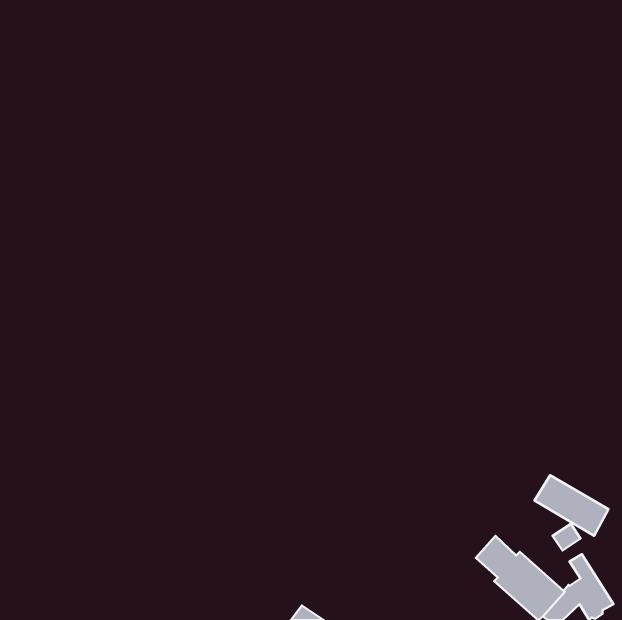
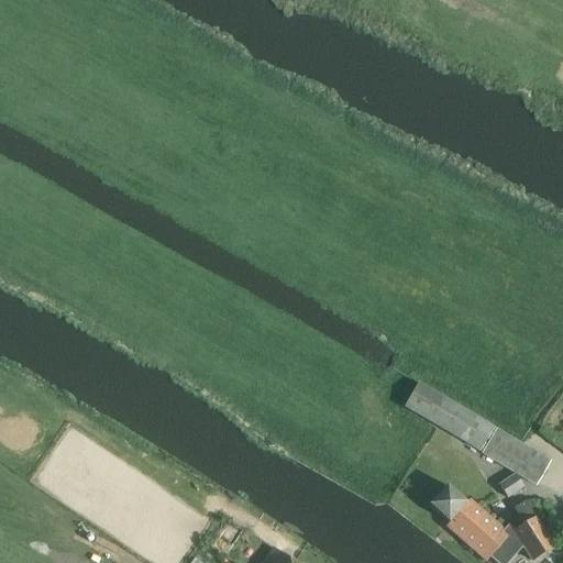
building: none -> [405,382,495,450]

